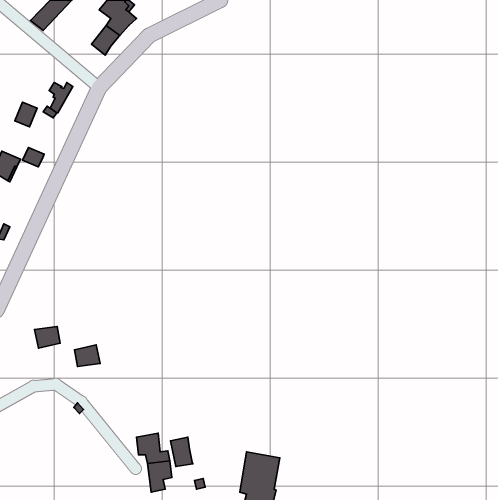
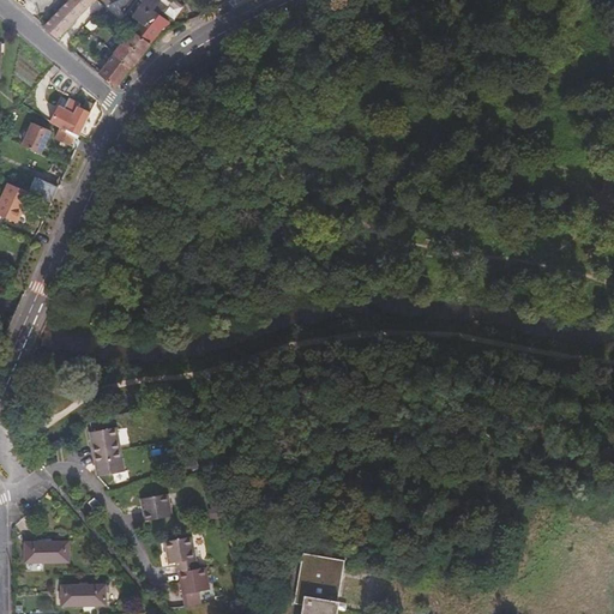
building: none -> [96,56,128,90]
building: [34,327,60,348] -> [95,446,126,472]
building: none -> [143,489,175,517]
building: [171,437,193,466] -> none
building: none -> [24,540,68,561]
building: none -> [61,584,107,604]

